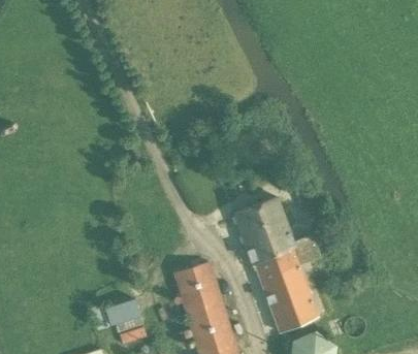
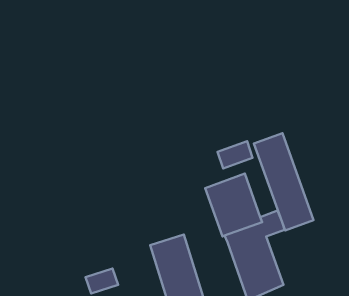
building: none -> [254,133,314,230]
building: none -> [218,141,253,169]

